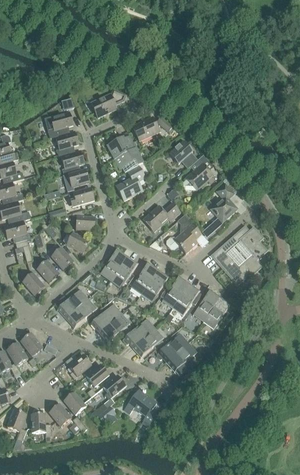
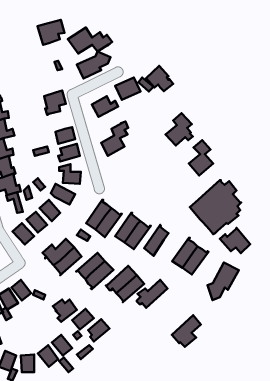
building: none -> [68,28,112,53]
building: [43,111,72,138] -> [38,20,65,45]
building: [168,140,197,167] -> [146,66,173,91]
building: [113,147,143,172] -> none
building: [60,150,83,175] -> none
building: [142,203,179,231] -> none
building: [173,223,201,253] -> none
building: none -> [220,228,250,253]
building: [172,283,201,314] -> none
building: none -> [208,262,239,300]
building: [164,342,195,376] -> [172,315,201,347]
building: [123,388,157,428] -> none

